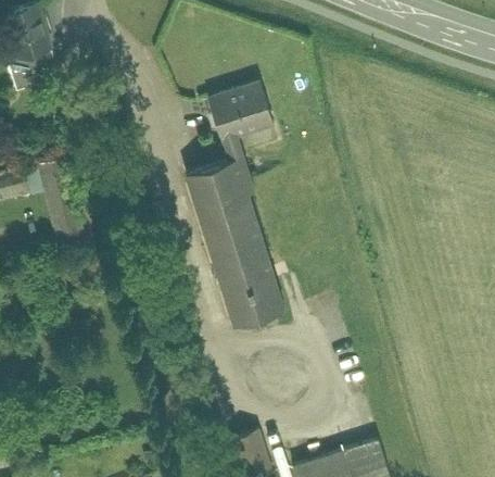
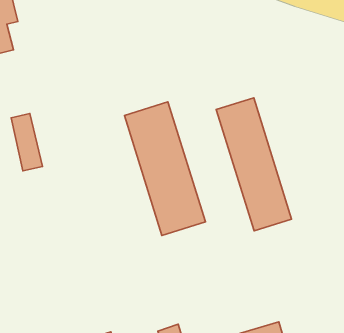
building: [212,87,277,138] -> none
building: none -> [216,98,292,231]

